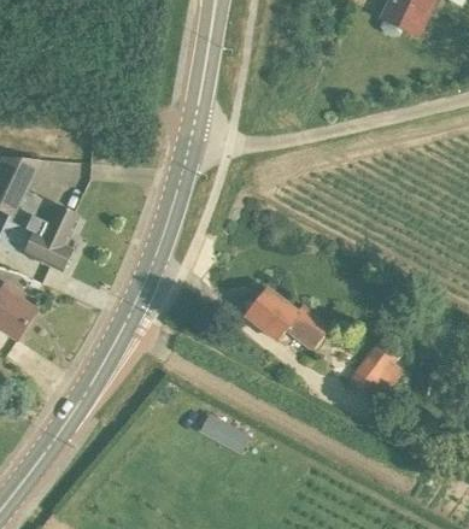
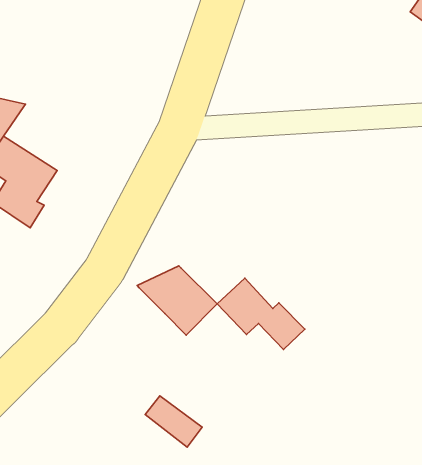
building: none -> [137,266,217,335]
building: [351,340,408,396] -> none

